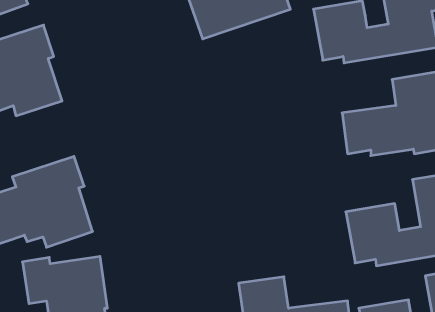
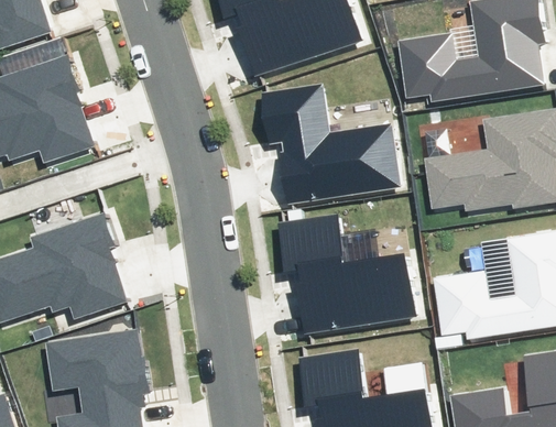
building: none -> [260,81,405,206]
building: none -> [280,217,417,329]

